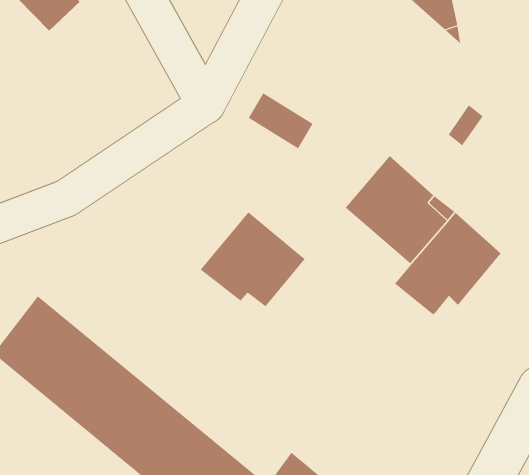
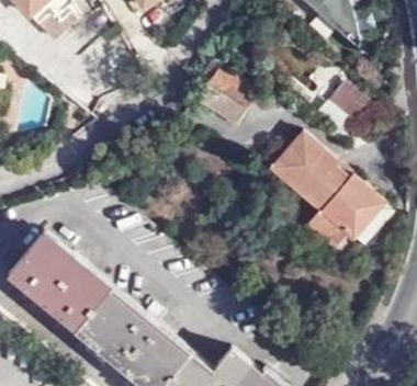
building: none -> [208,68,258,109]
building: [200,212,306,307] -> none

